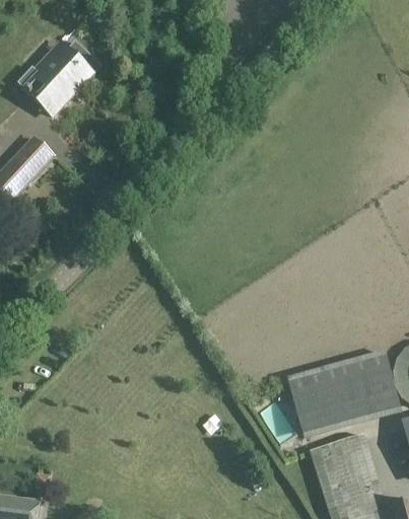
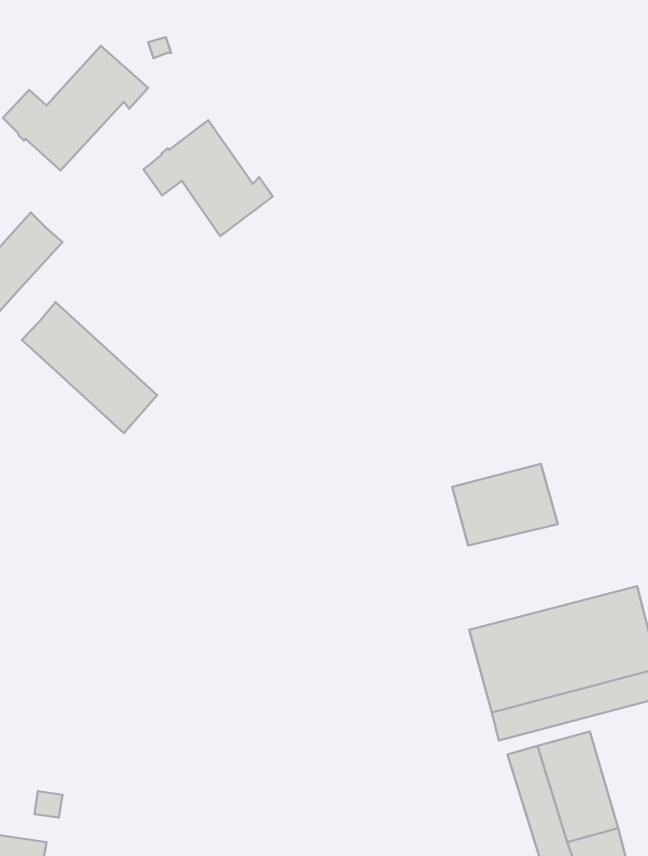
building: none -> [143,120,273,236]
building: none -> [22,302,157,433]
building: none -> [452,464,558,546]

